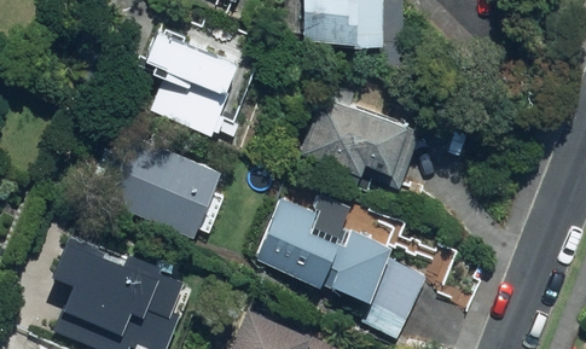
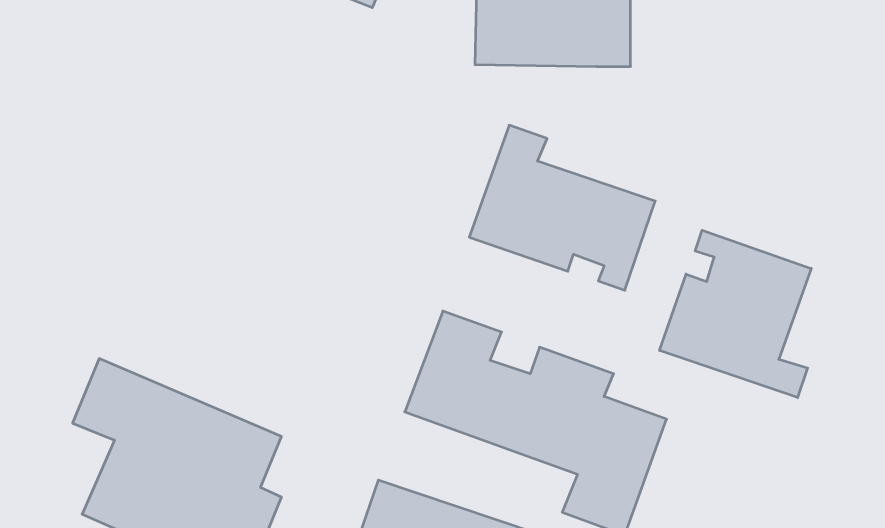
building: [145,29,242,139] -> none
building: [112,139,230,238] -> none
building: none -> [660,230,811,398]

